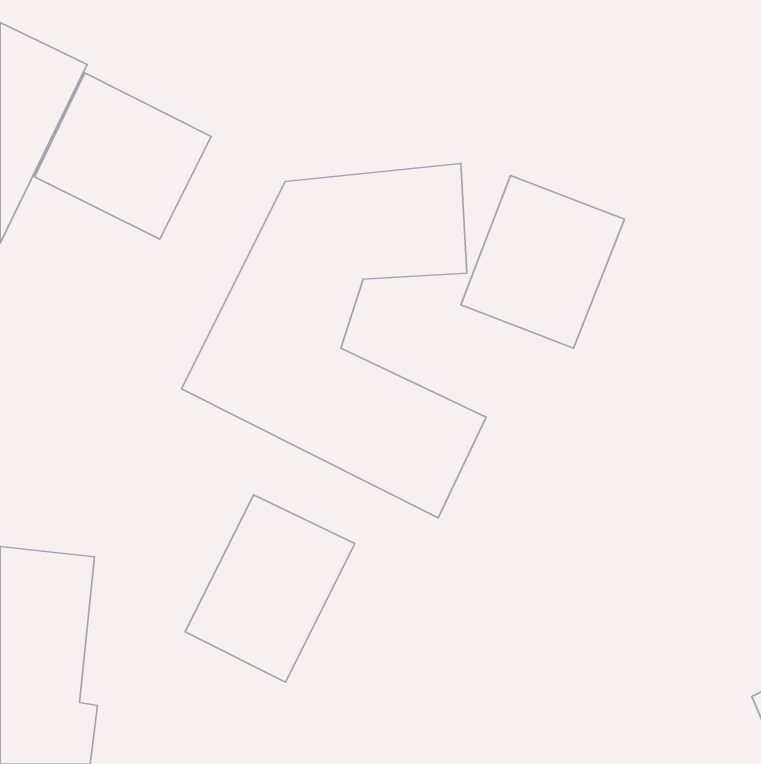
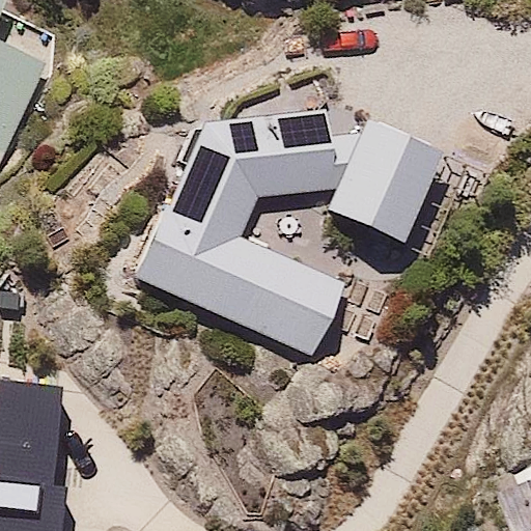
building: [35,73,211,239] -> none
building: [185,495,355,682] -> none

